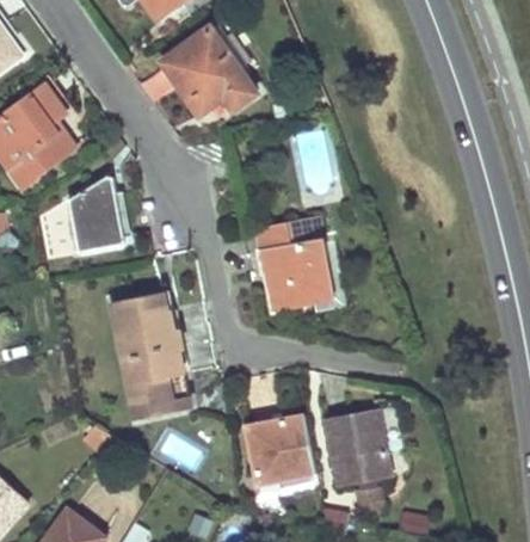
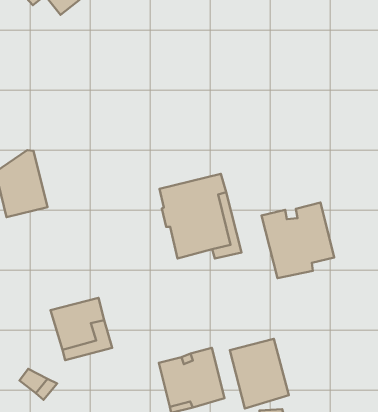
building: [159,26,255,117] -> none
building: none -> [262,202,334,278]
building: [110,291,183,361] -> none

